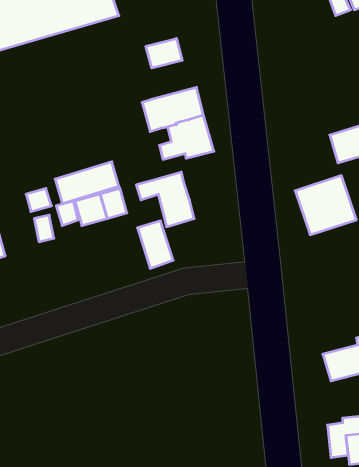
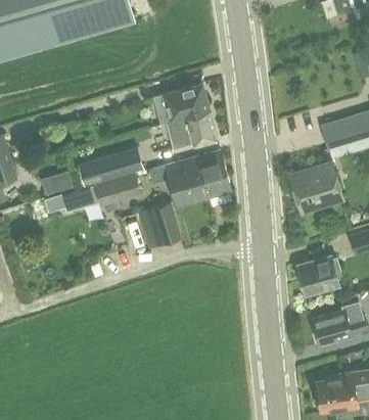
building: [146,38,182,68] -> none
building: none -> [188,150,231,199]
building: none -> [297,254,339,295]

